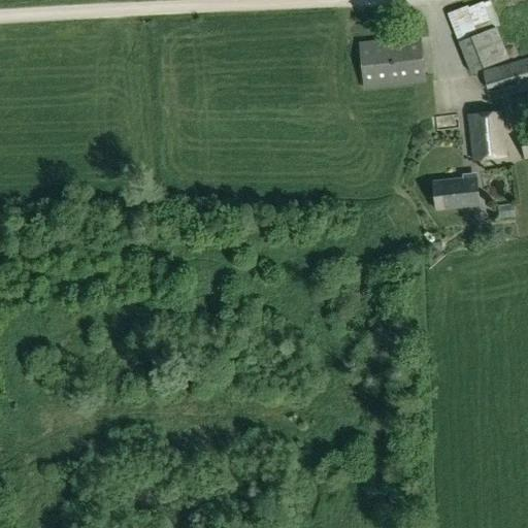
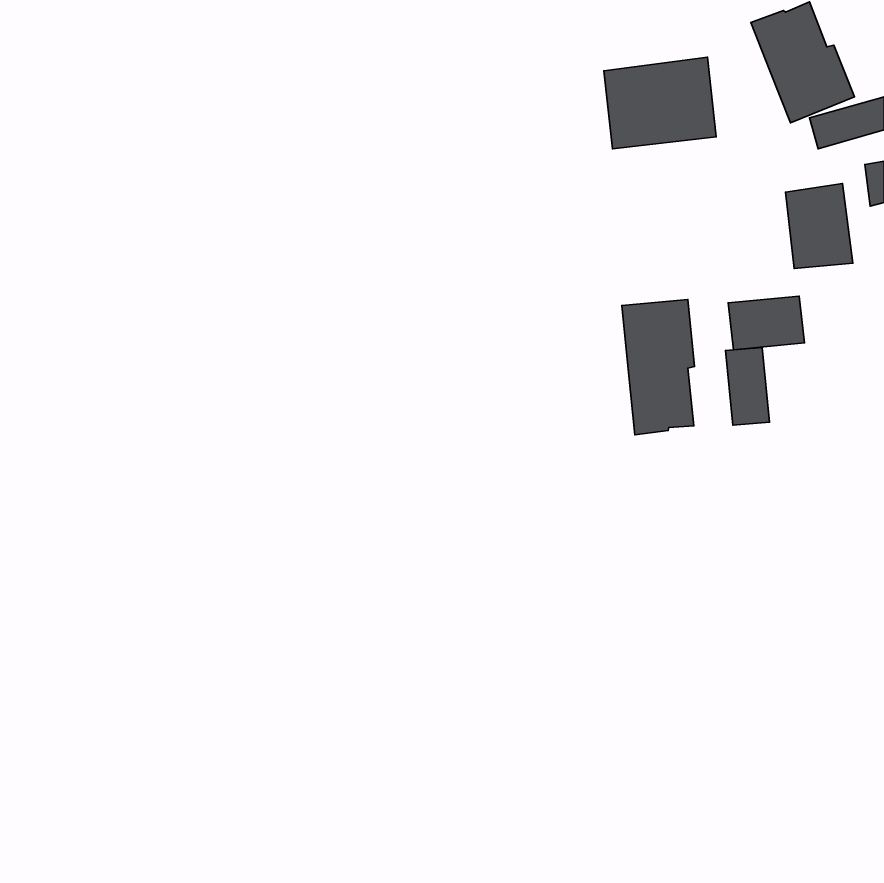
building: none -> [622,299,694,435]
building: none -> [725,347,770,425]

